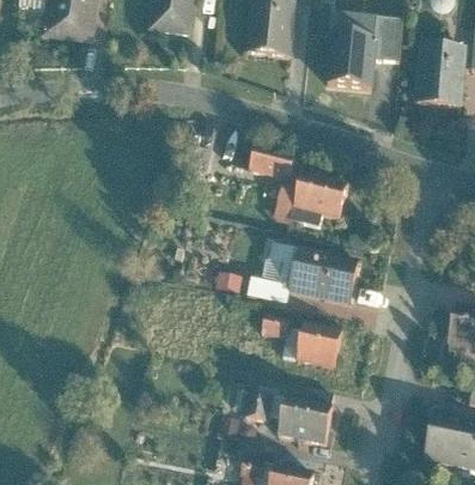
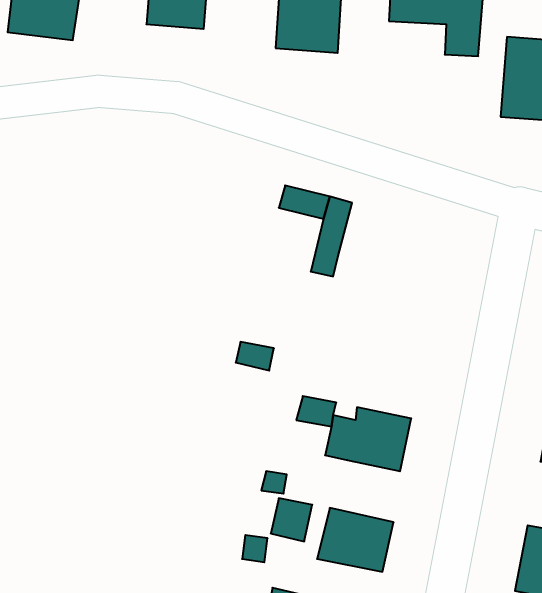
building: [323,30,373,87] -> none
building: [292,168,349,220] -> none
building: [248,243,359,303] -> none

